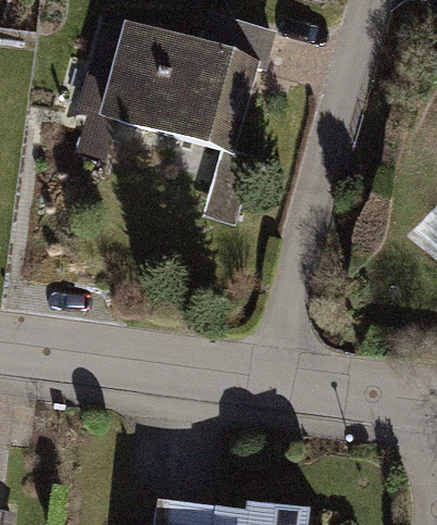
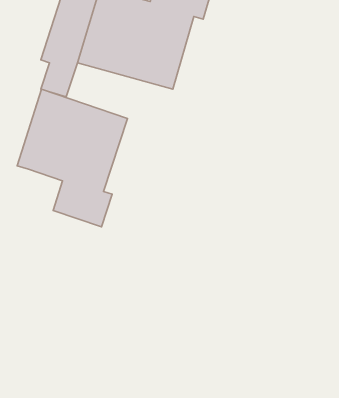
building: none -> [17,89,127,227]

